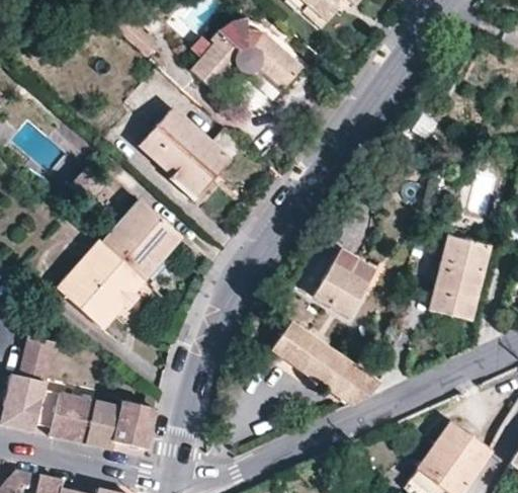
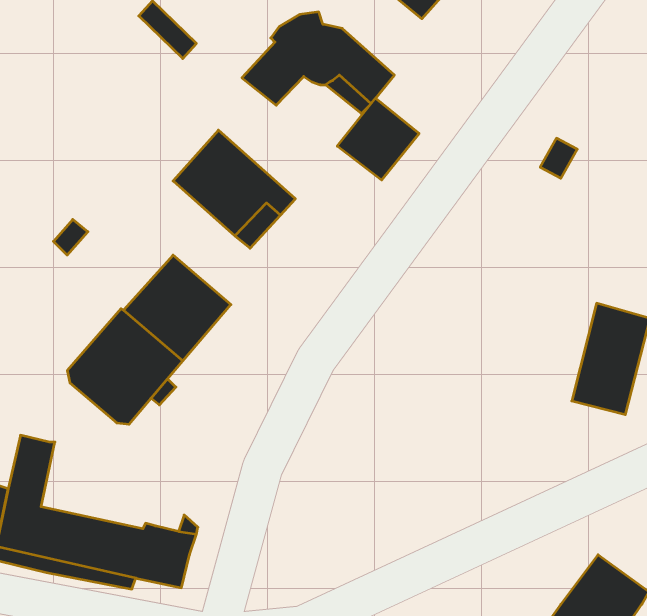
building: none -> [337,98,419,180]
building: [319,259,381,326] -> none
building: [269,325,377,407] -> none

